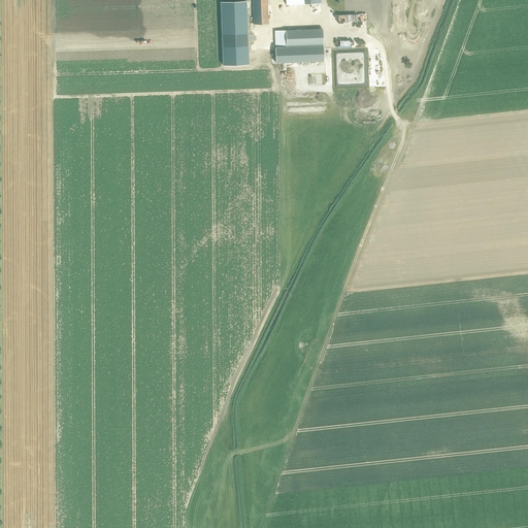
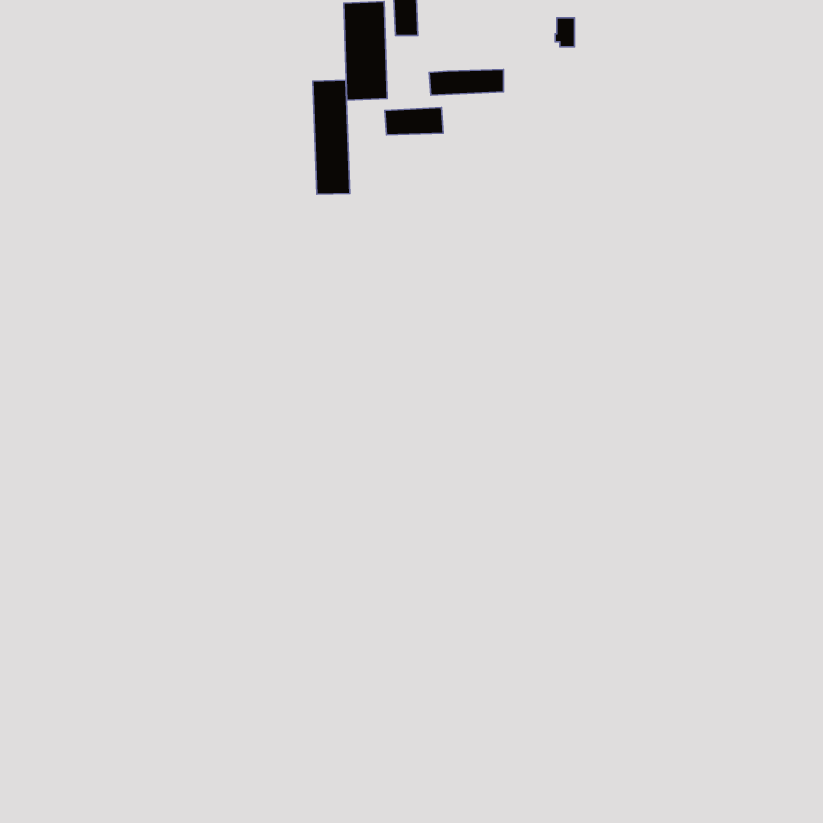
building: [285,28,322,45] -> [385,107,443,135]
building: none -> [313,80,350,194]

